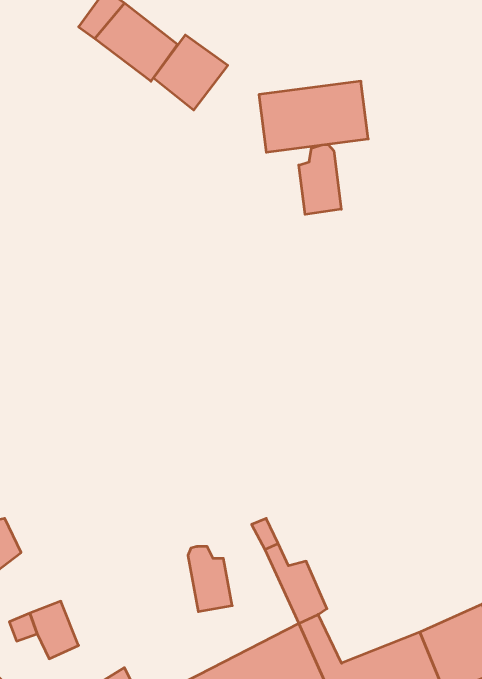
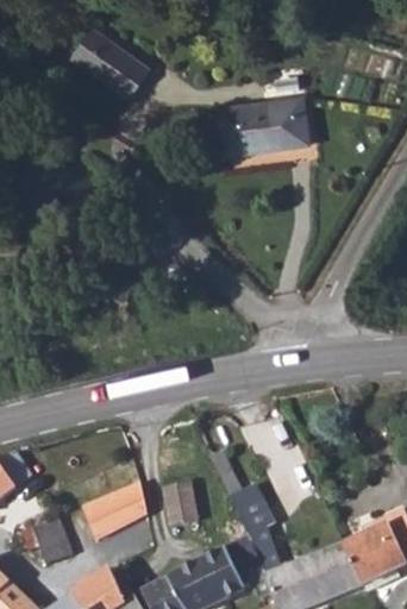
building: [153,35,228,110] -> none
building: [299,145,341,214] -> none
building: none -> [82,484,146,539]

